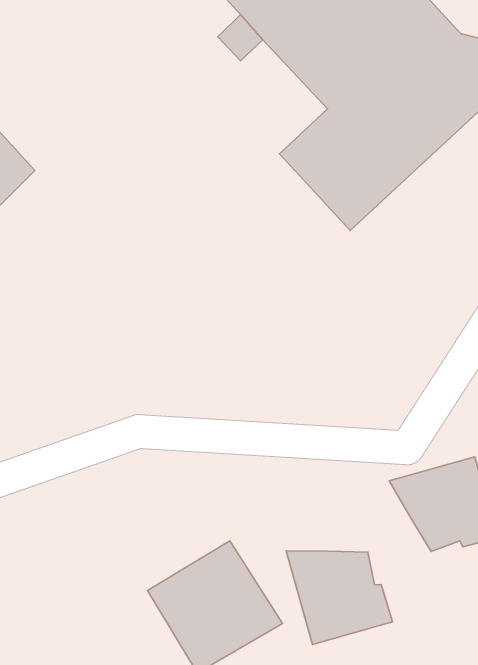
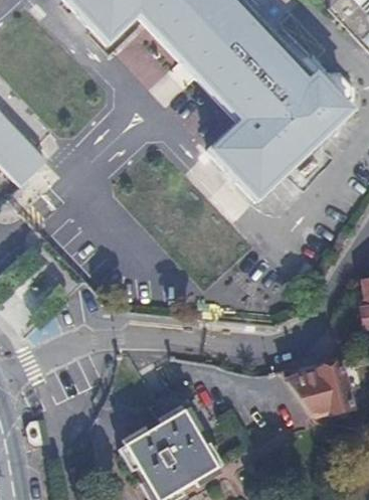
building: [286,551,392,644] -> none

